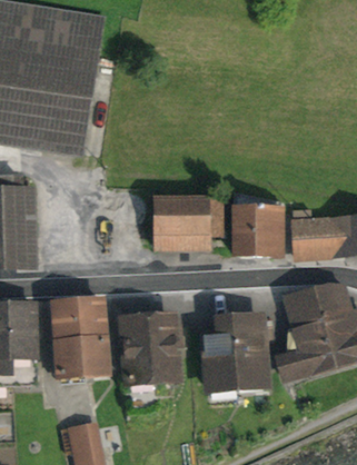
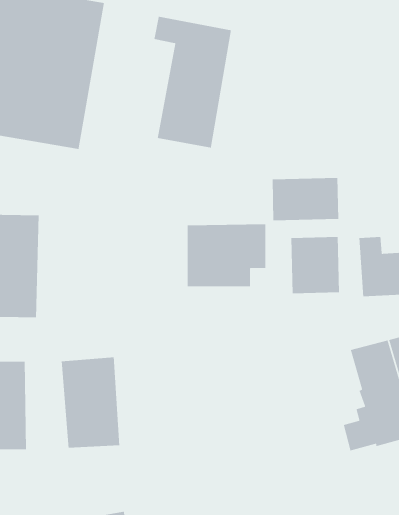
building: none -> [154,16,232,149]
building: none -> [272,177,339,221]
building: [205,316,265,387] -> none
building: [123,317,176,379] -> none

